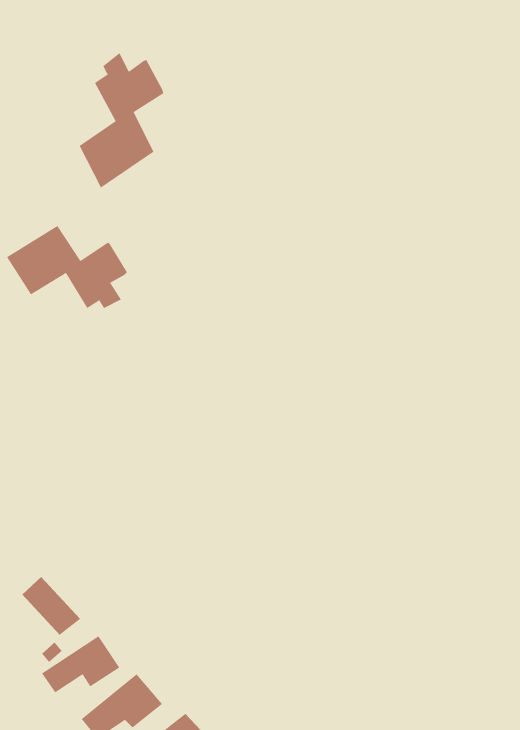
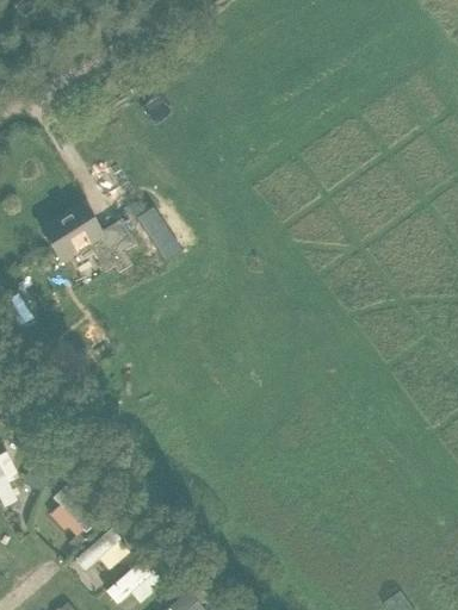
building: [79,52,164,188] -> none
building: none -> [136,207,181,261]

